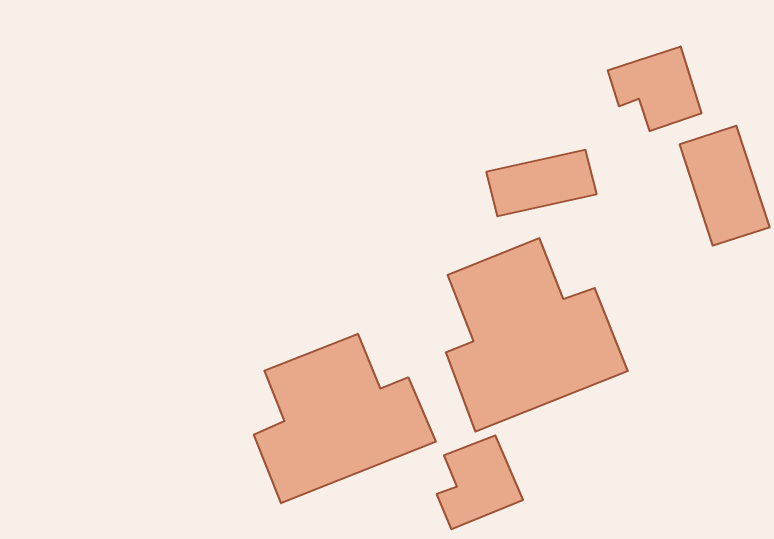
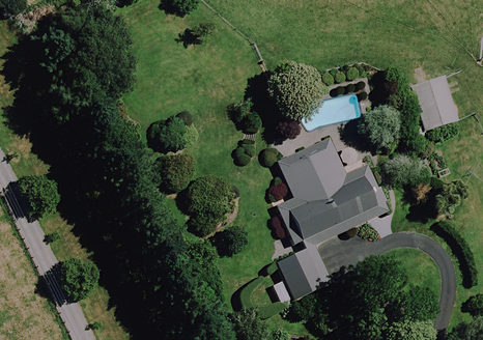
building: [608,46,701,131] -> none
building: [254,334,436,503] -> none

